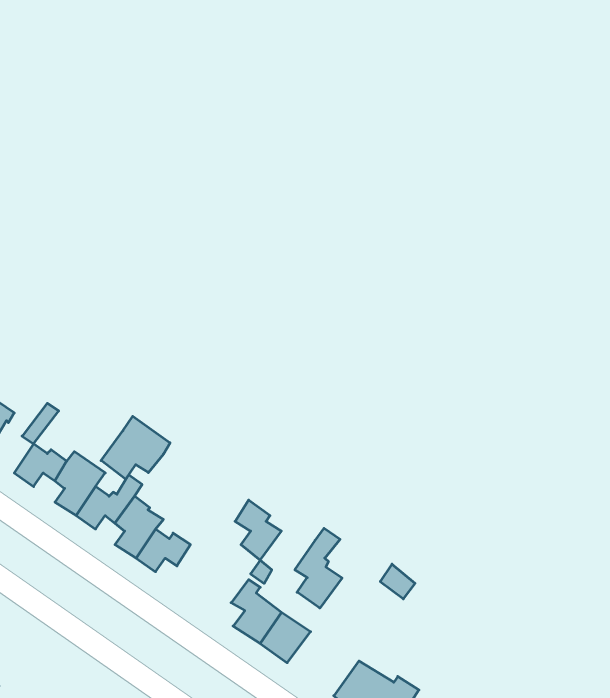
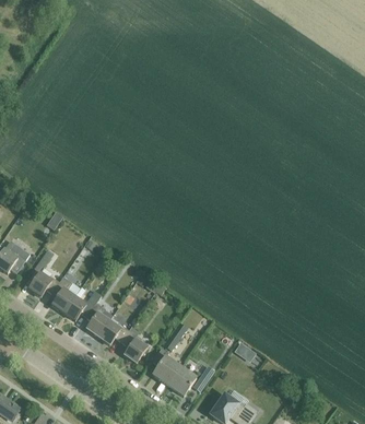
building: [101,416,170,479] -> none
building: [235,500,281,560] -> [120,329,146,363]
building: [295,528,342,608] -> none

